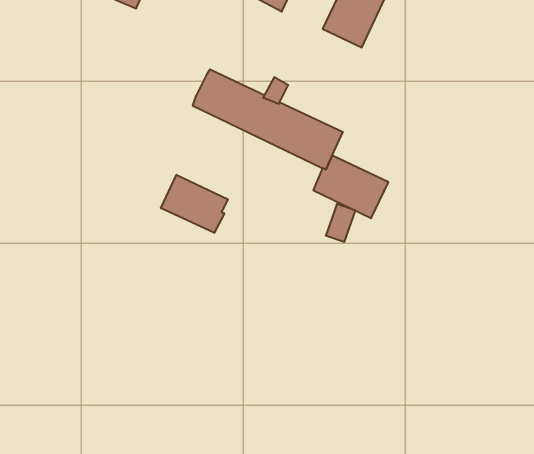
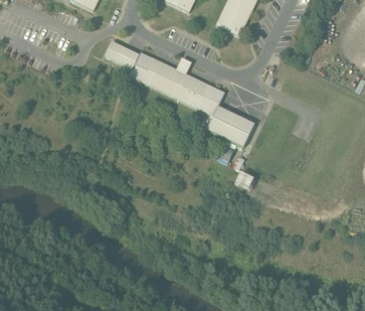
building: none -> [106,41,140,68]
building: [161,175,228,233] -> none

